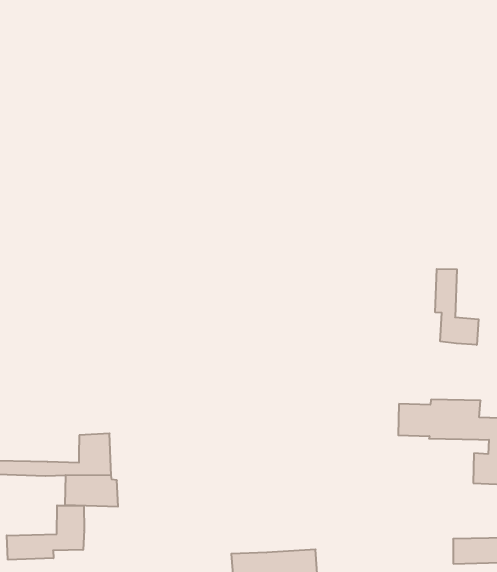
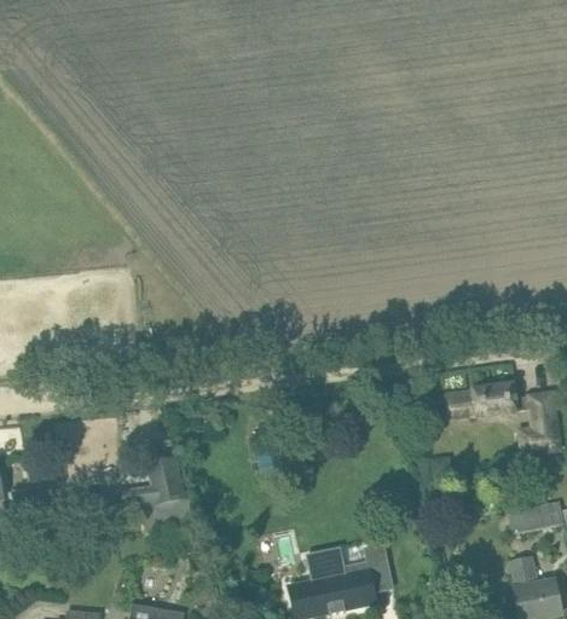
building: [435,269,479,345] -> none
building: [7,505,84,560] -> none

